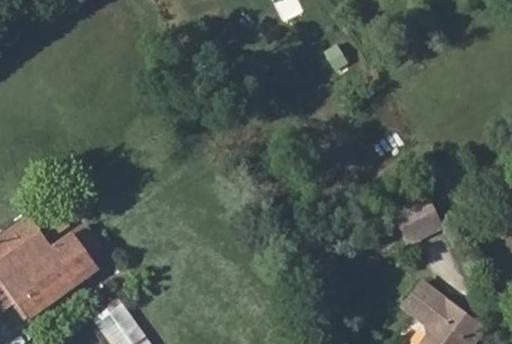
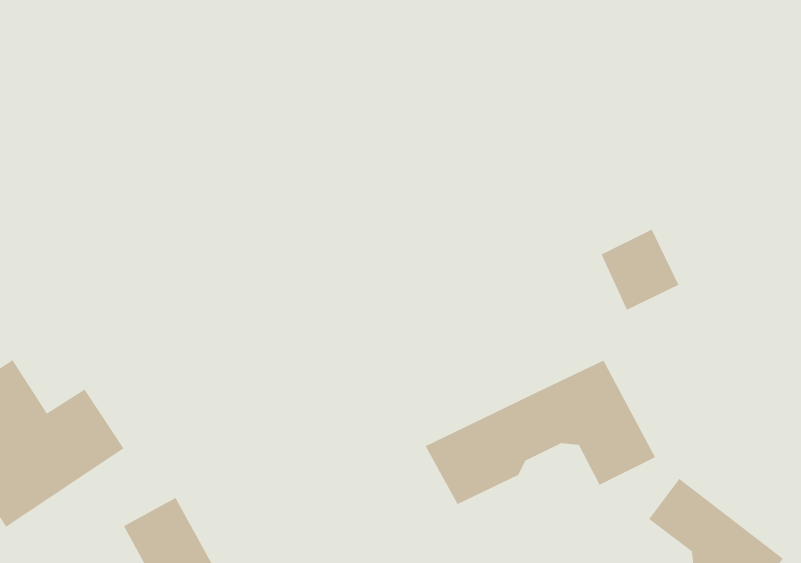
building: [393,197,439,245] -> [601,228,680,311]
building: none -> [425,359,656,505]

